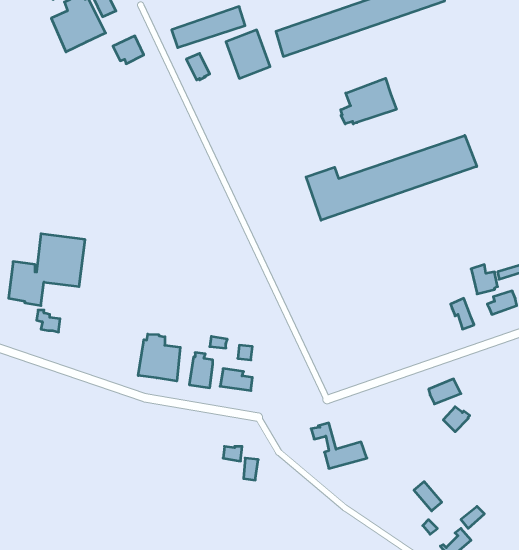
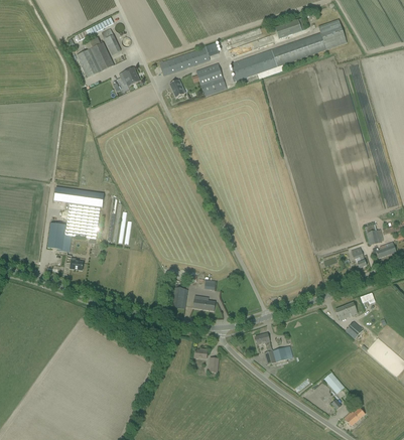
building: [341,78,396,124] -> none
building: [306,135,477,220] -> none
building: [138,334,180,381] -> none

